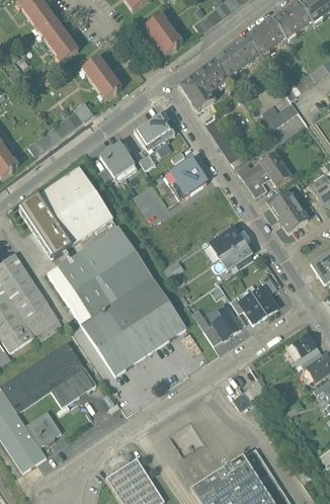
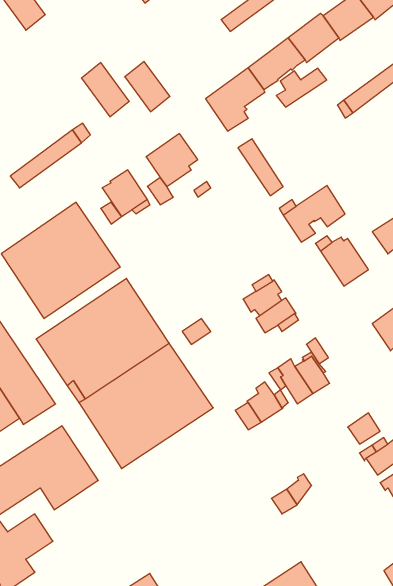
building: [145,15,180,55] -> [125,61,170,112]
building: [39,19,77,61] -> none
building: [259,102,299,133] -> [276,68,327,107]
building: [164,158,207,199] -> none

